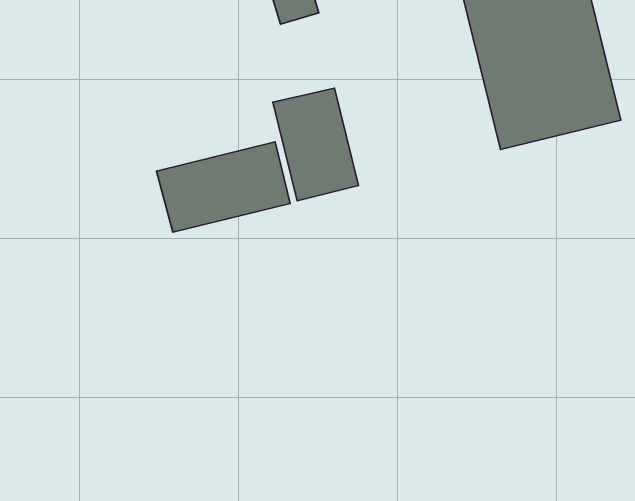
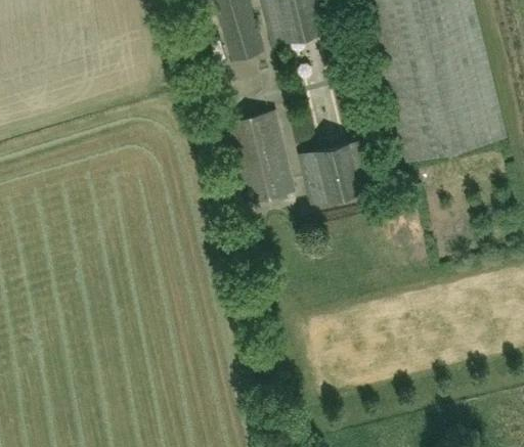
building: none -> [300,141,379,205]
building: [156,142,290,232] -> none

